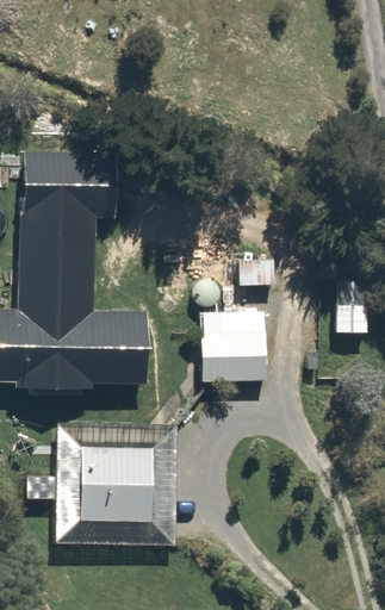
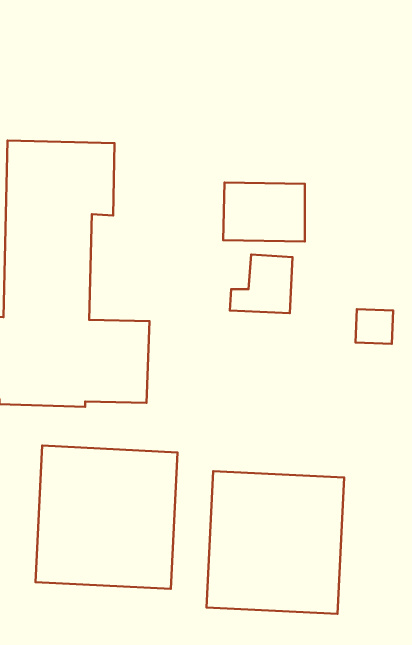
building: [197,328,269,380] -> [223,183,305,241]
building: none -> [206,471,344,614]

